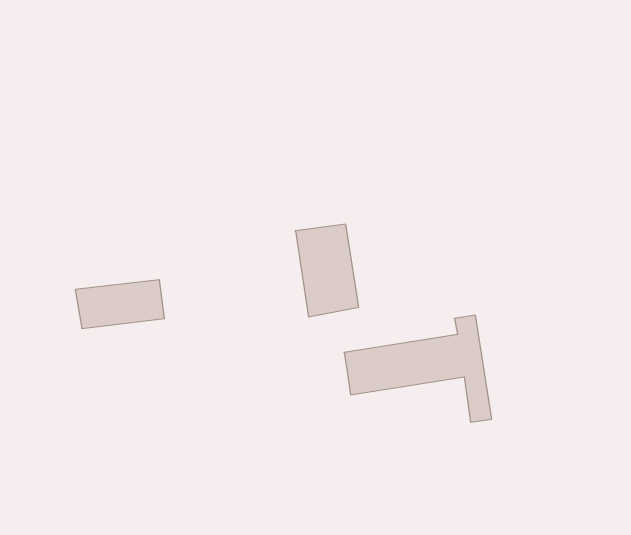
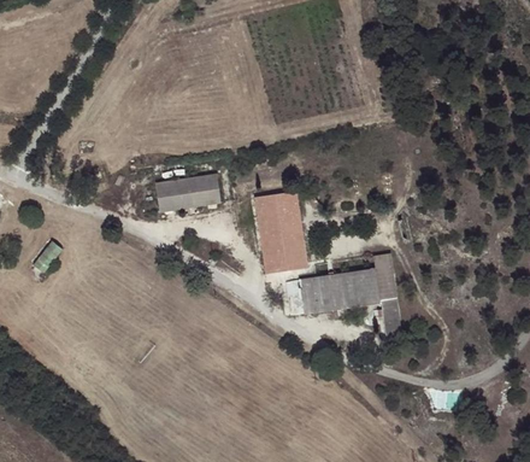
building: [75,280,164,328] -> [155,169,222,205]
building: none -> [265,250,306,274]

